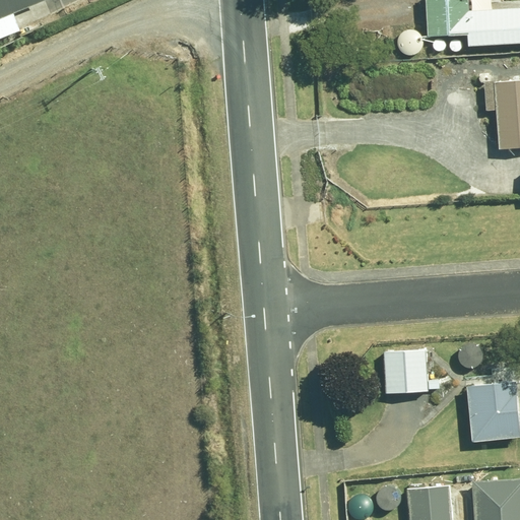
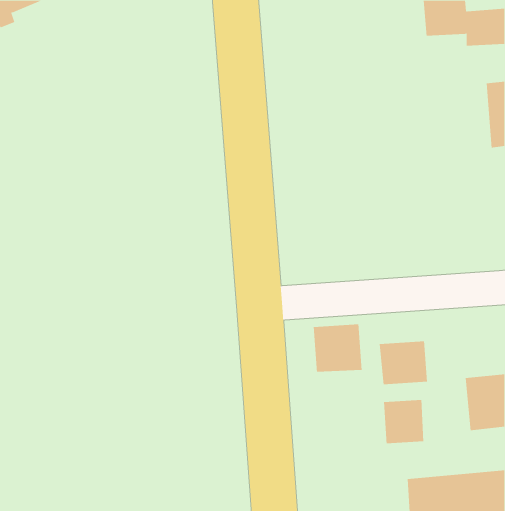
building: none -> [313,324,362,372]
building: none -> [384,399,424,444]

